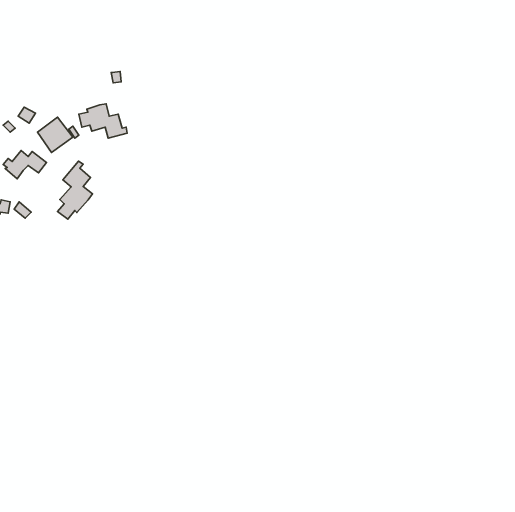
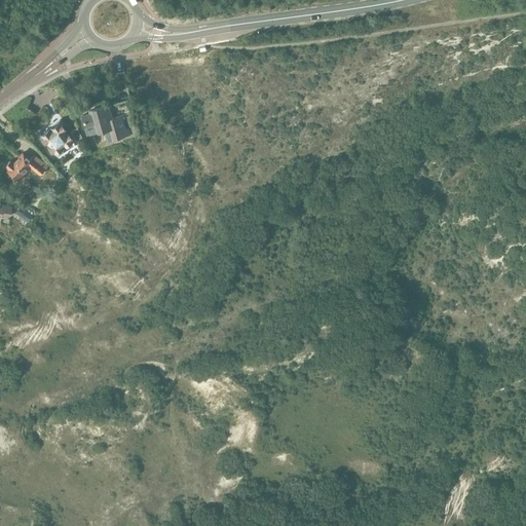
building: [58,161,92,219] -> none

